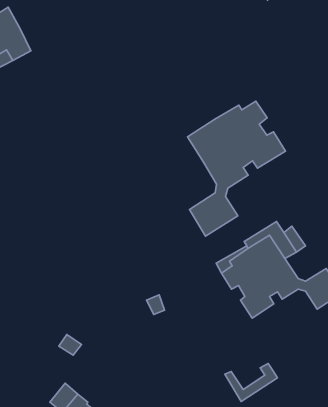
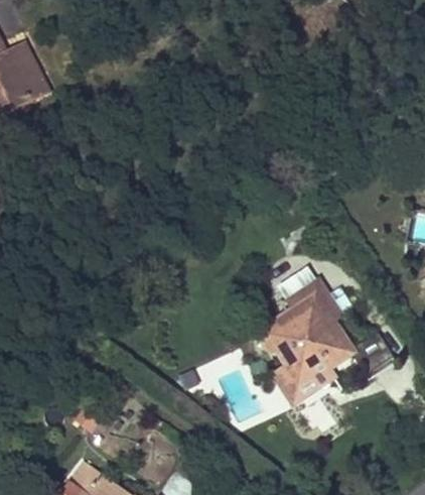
building: [188,101,286,236] -> none
building: [225,363,277,401] -> [276,360,334,402]

